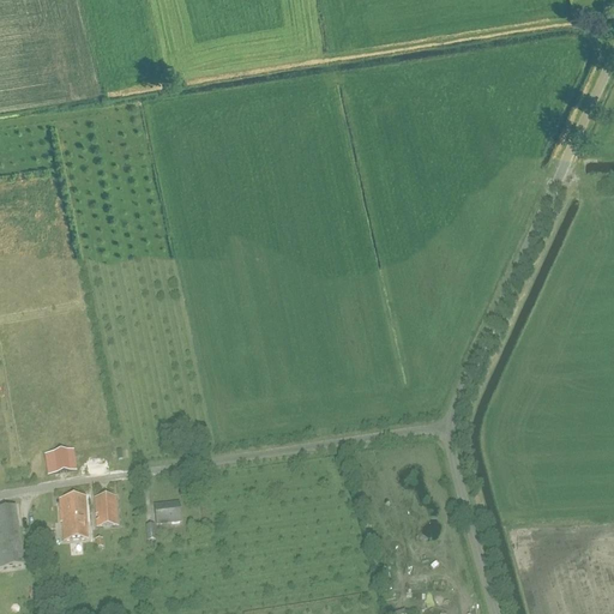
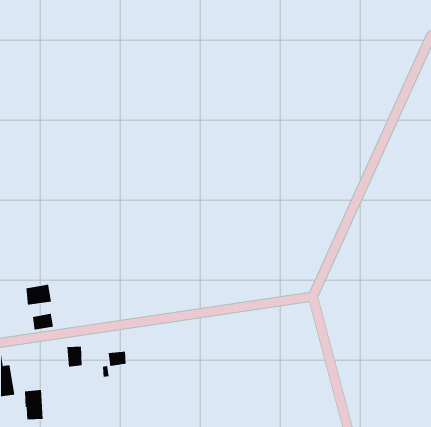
building: none -> [26,284,51,305]
building: [60,493,88,536] -> [24,390,44,420]

